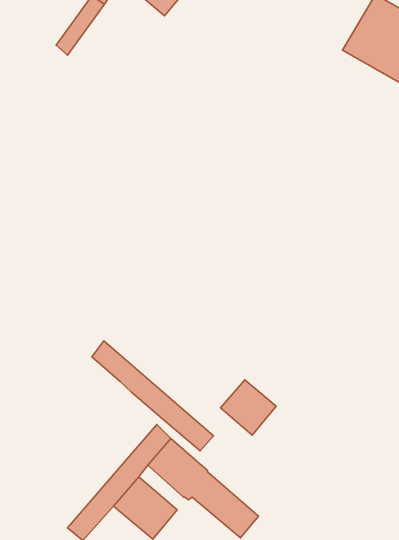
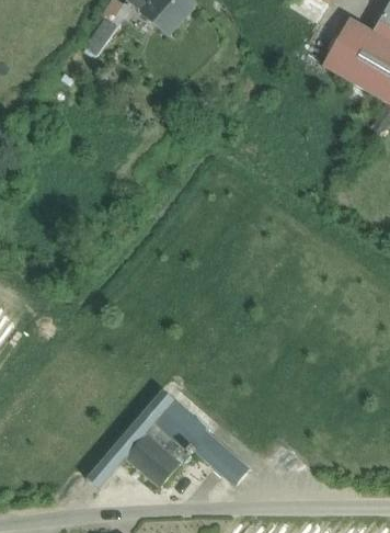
building: [92,341,214,451] -> none
building: [220,380,276,435] -> none

